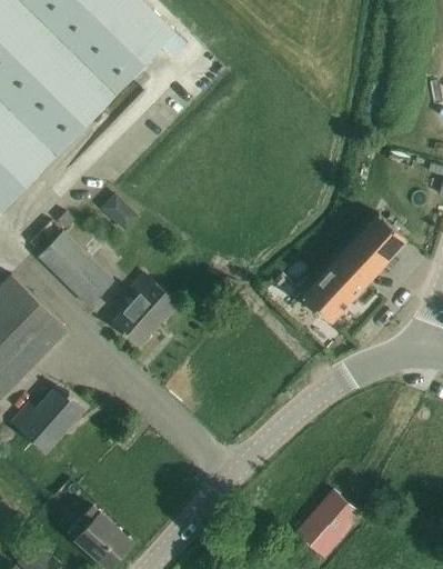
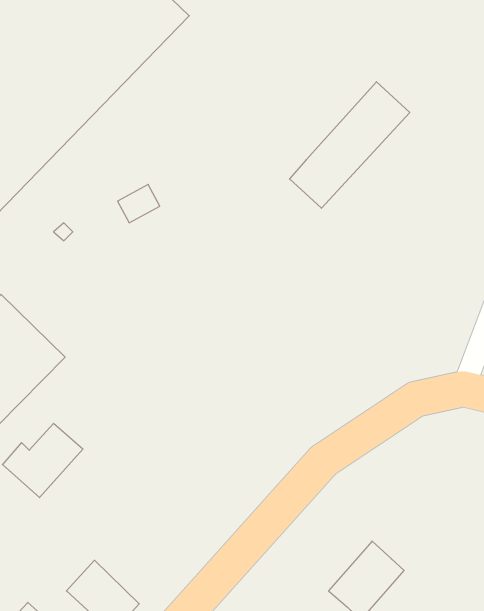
building: [302,213,406,323] -> [289,82,410,208]
building: [38,231,113,307] -> none
building: [113,274,175,345] -> none

